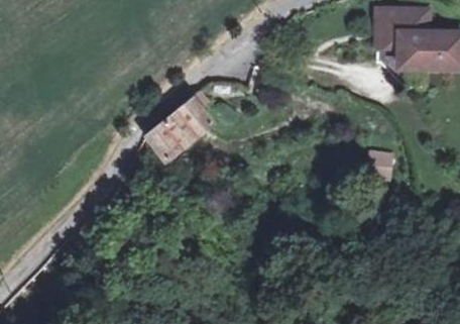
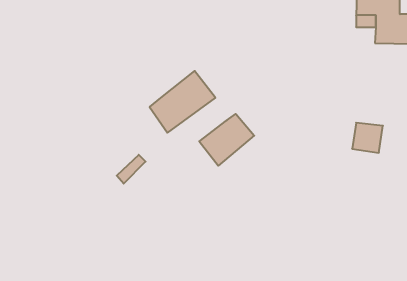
building: none -> [199,114,254,166]

